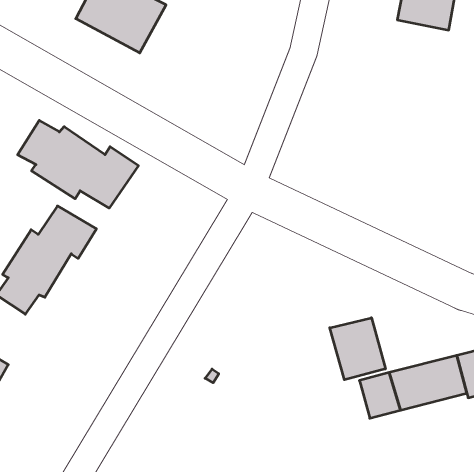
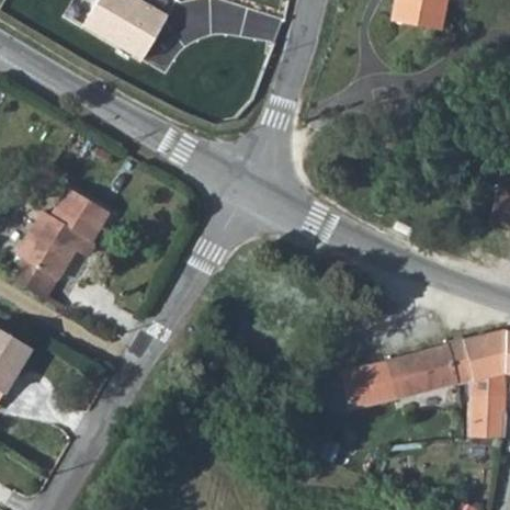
building: [18,120,138,208] -> none
building: [330,318,385,380] -> none

